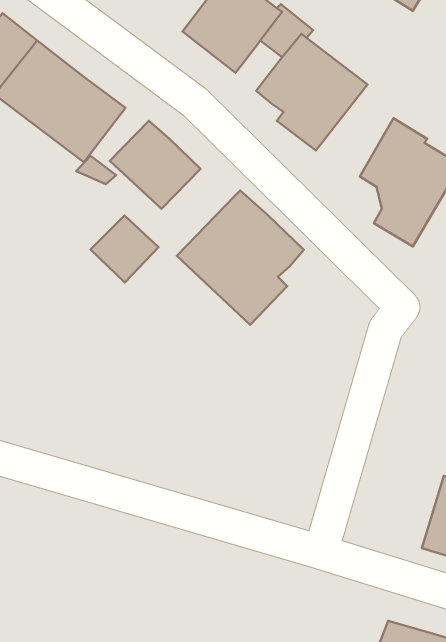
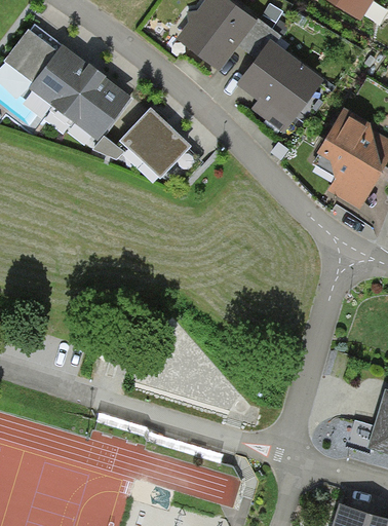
building: [177,190,304,325] -> none
building: [91,216,159,282] -> none

